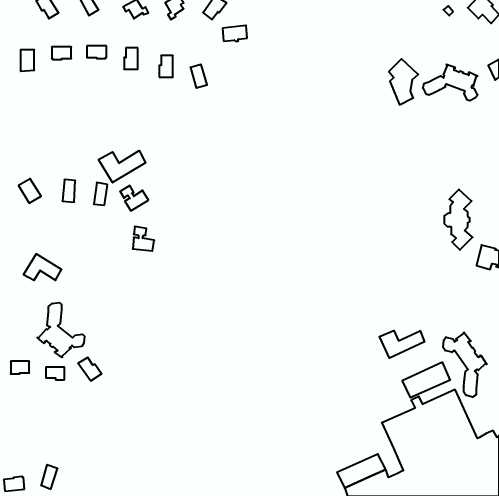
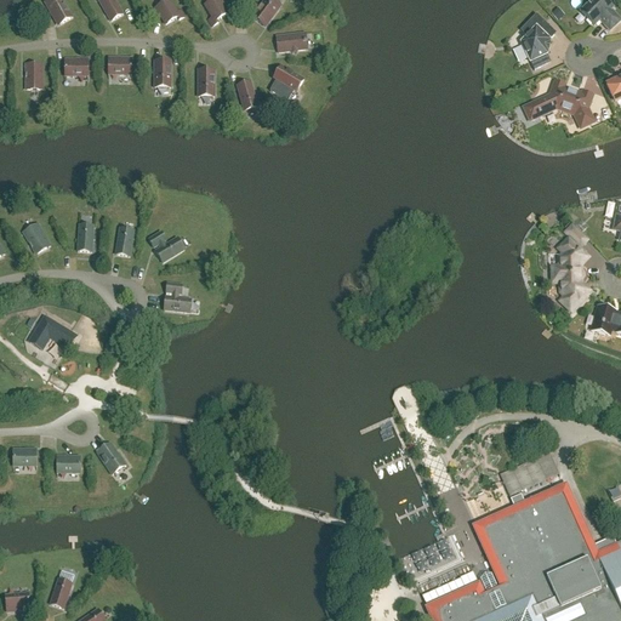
building: none -> [270,64,304,99]
building: [389,59,418,105] -> [520,12,557,69]
building: [99,151,146,183] -> none
building: [37,303,85,357] -> none
building: [379,331,424,358] -> none
building: [443,332,487,397] -> none

